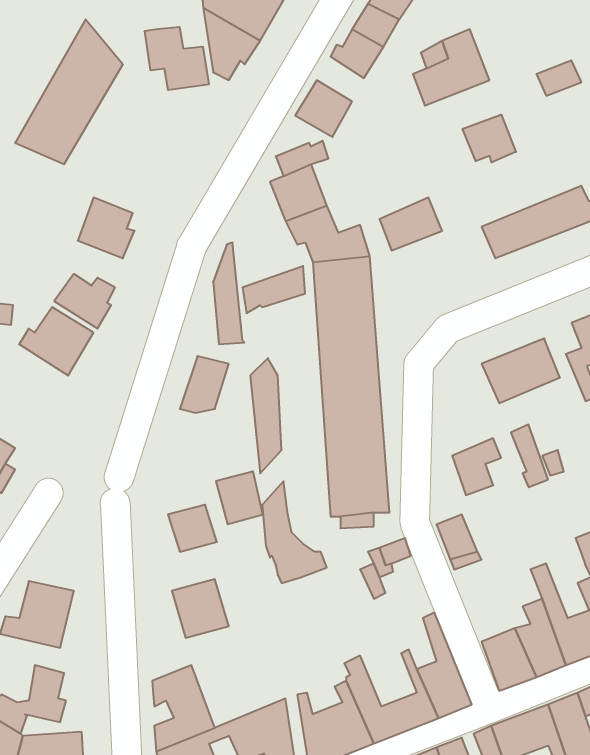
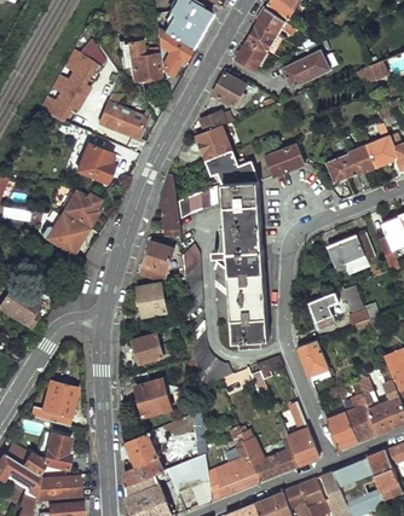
building: [463,115,516,162] -> none
building: none -> [98,97,145,140]
building: [216,471,263,524] -> [135,283,165,315]

